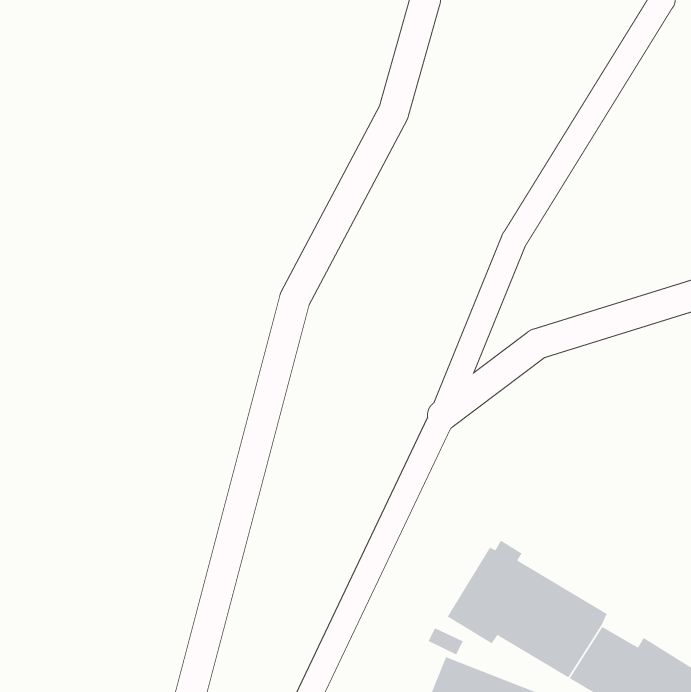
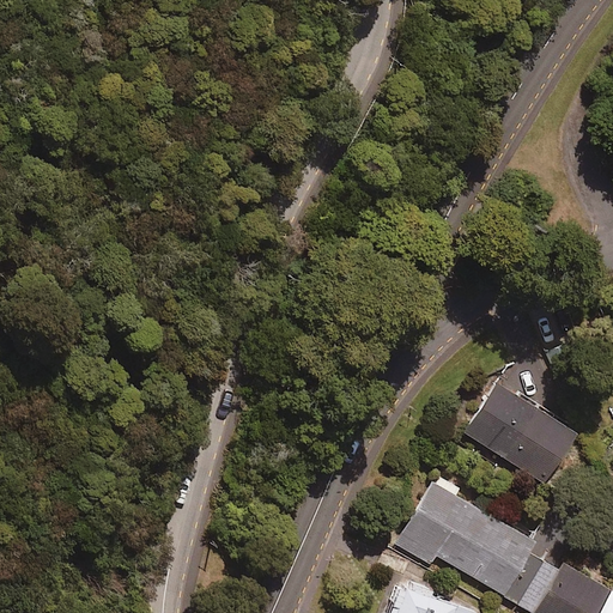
building: none -> [466,383,576,482]

